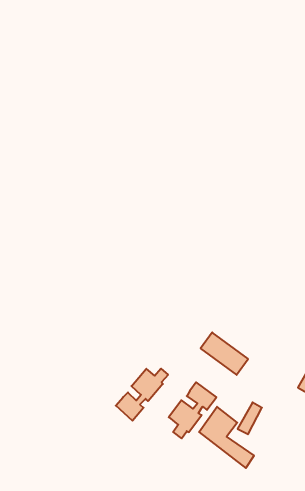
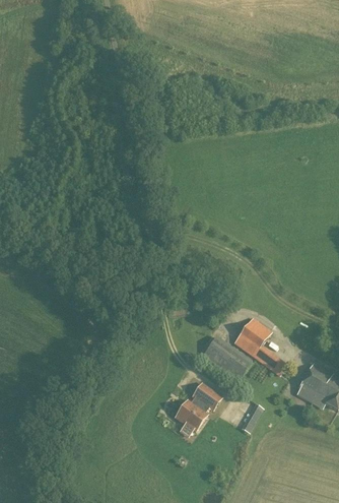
building: [116,369,168,421] -> none
building: [199,407,254,468] -> [233,317,286,376]

